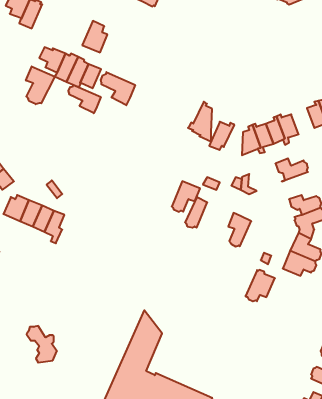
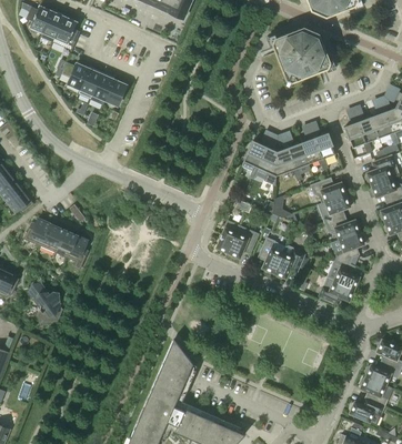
building: none -> [272,27,329,81]
building: [82,21,107,52] -> [53,17,80,50]
building: [26,66,55,104] -> none
building: [101,72,135,105] -> none
building: [68,85,101,113] -> none
building: [188,102,212,141] -> [251,144,277,186]
building: none -> [318,194,351,223]
building: [172,181,200,212] -> [228,226,258,259]
building: [245,270,275,301] -> [273,245,304,279]
building: [27,326,57,363] -> [29,283,61,322]

